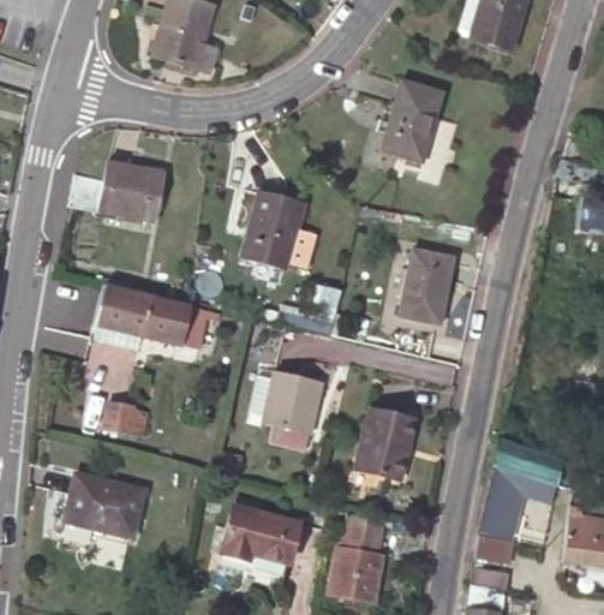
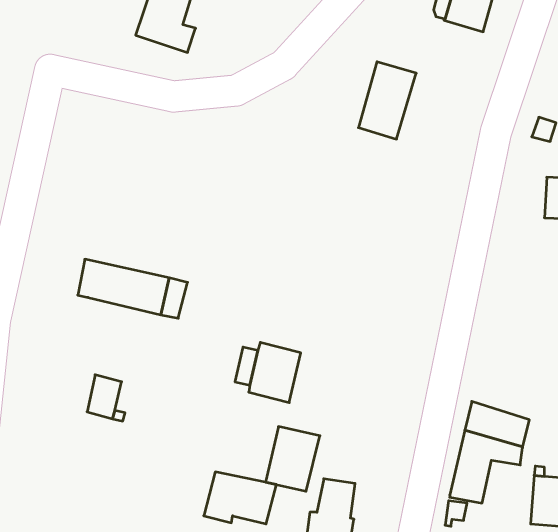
building: [71,162,167,225] -> none
building: [240,193,300,268] -> none
building: [403,249,456,322] -> none
building: [358,410,414,477] -> [266,427,320,491]
building: [65,473,145,538] -> none

